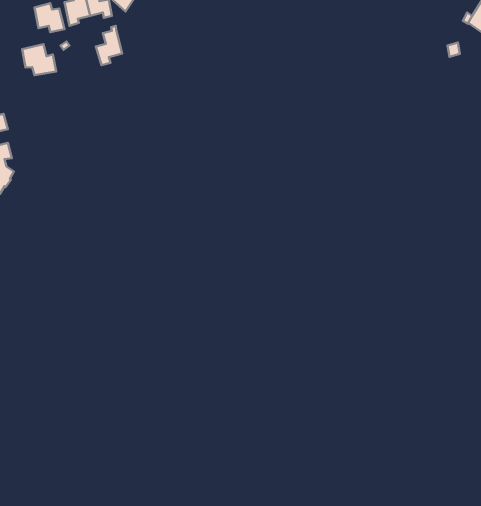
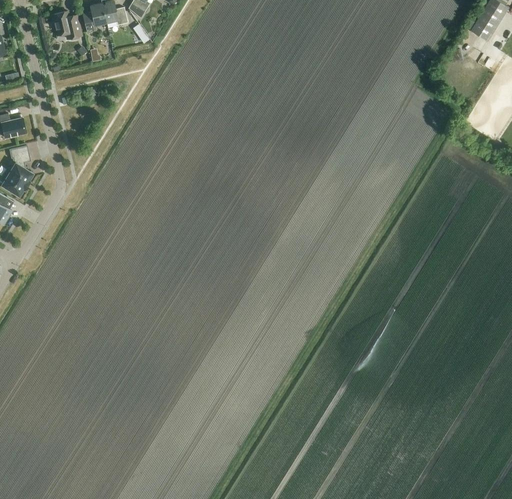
building: [96,26,122,65] -> none
building: [22,44,56,75] -> none

